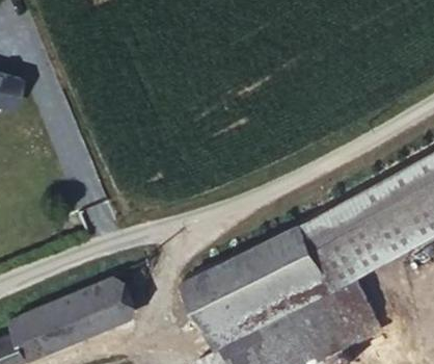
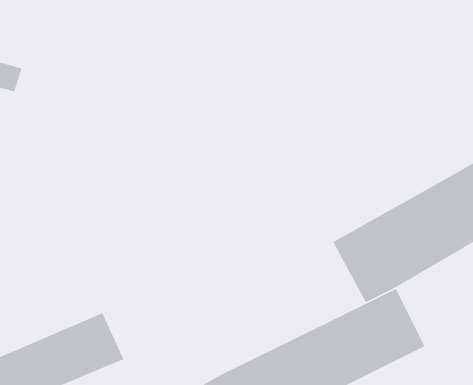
building: [184,231,327,339] -> none

